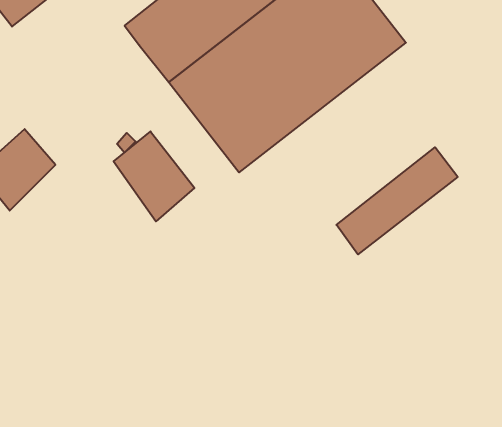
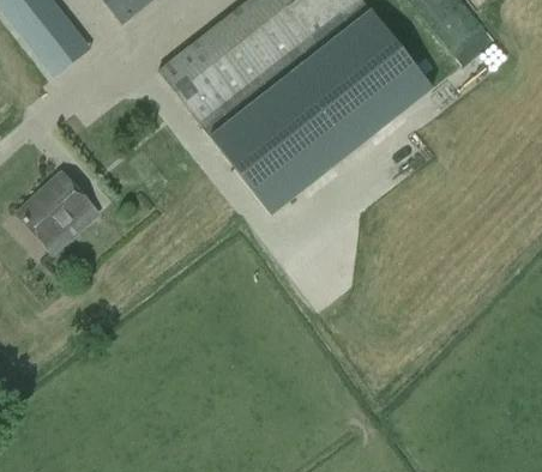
building: [114,131,194,221] -> none
building: [336,147,458,254] -> none

